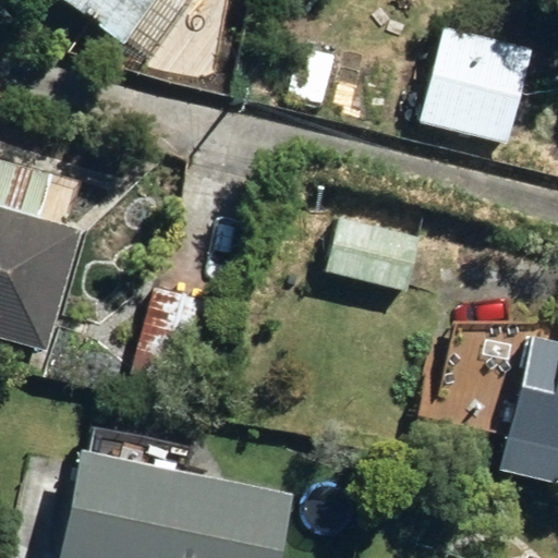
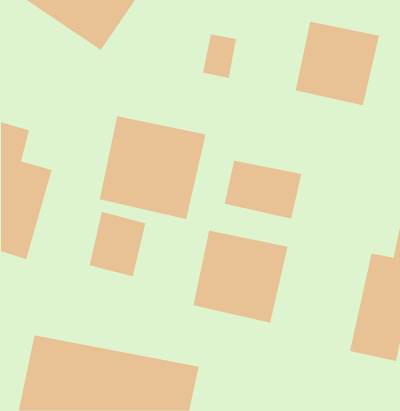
building: none -> [99,115,206,220]
building: none -> [193,230,288,324]

